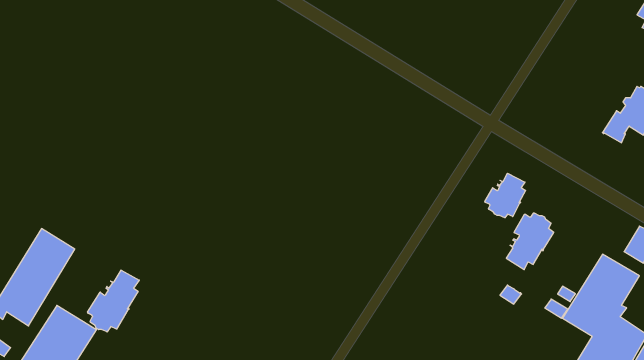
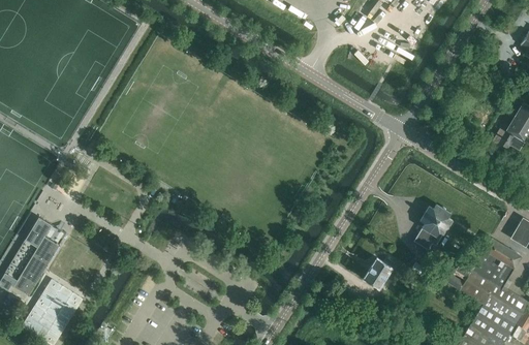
building: [485,173,526,218] -> none
building: [88,270,139,332] -> none
building: none -> [364,257,394,288]

